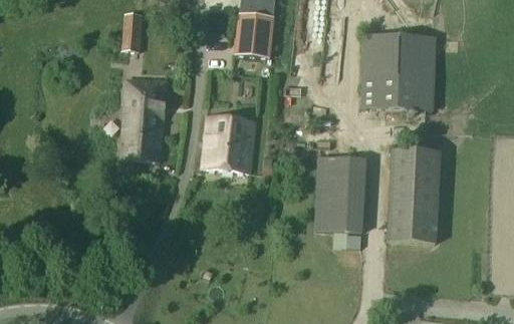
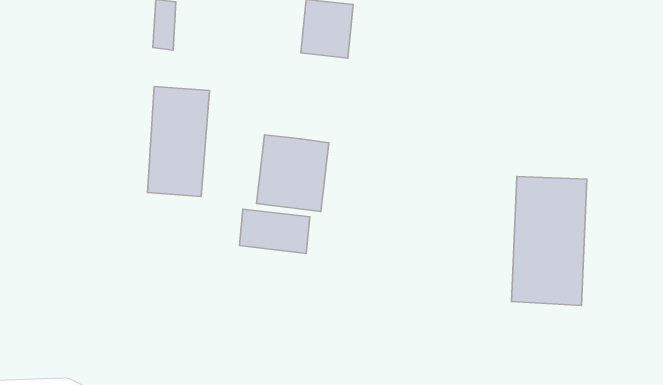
building: [362,34,432,108] -> none
building: [314,155,365,233] -> none
building: none -> [239,209,310,253]

